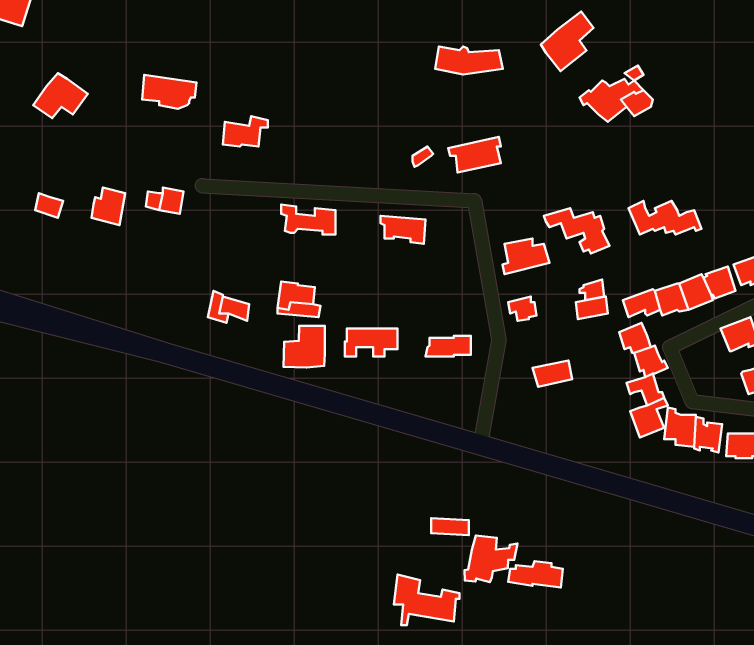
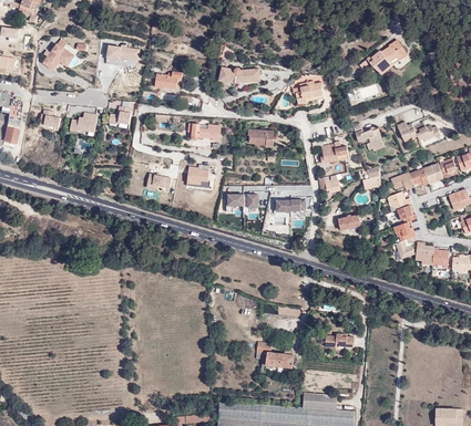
building: [541,11,594,71] -> none
building: [435,46,503,75] -> [219,66,259,83]
building: [284,326,325,367] -> none
building: [465,536,517,582] -> none

